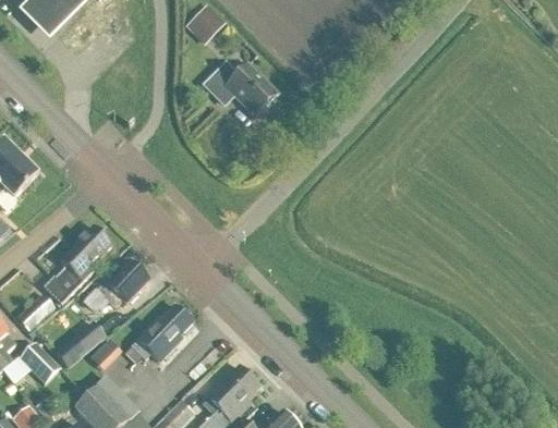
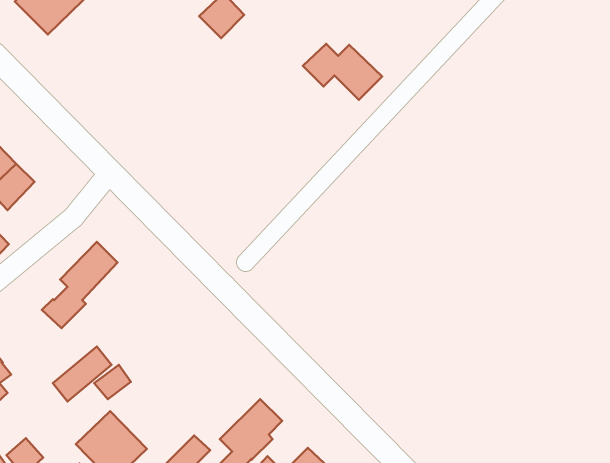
building: [205,64,276,114] -> [303,44,382,100]
building: [82,260,148,308] -> none
building: [13,294,51,330] -> none
building: [125,304,192,362] -> none
building: [20,342,60,382] -> none

